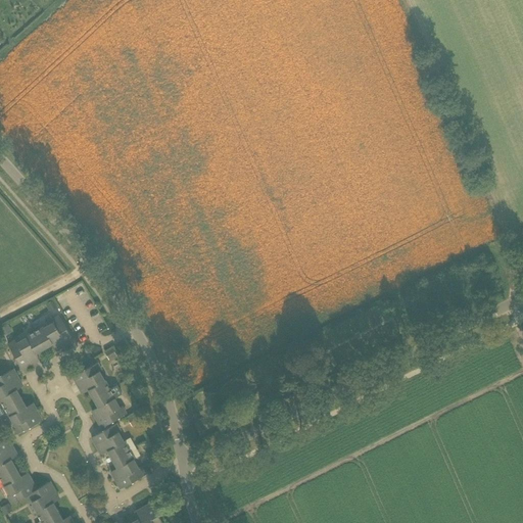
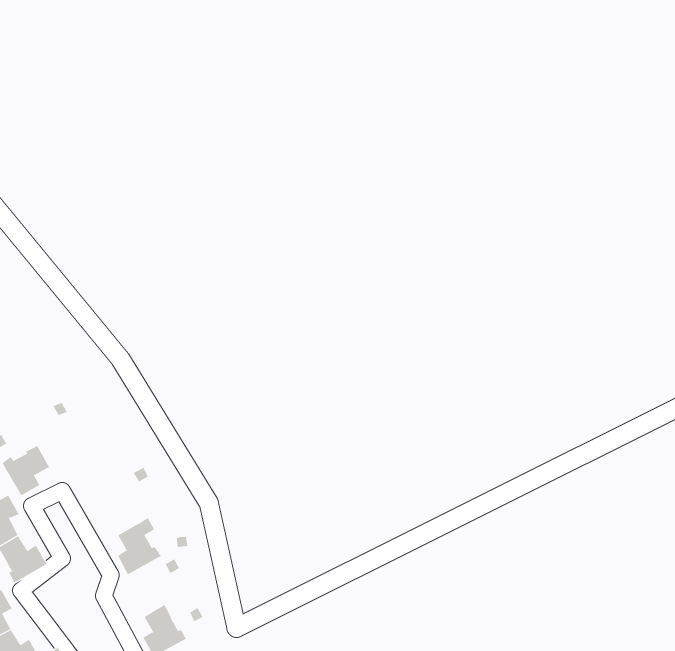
building: [34,316,73,348] -> none
building: [72,363,109,398] -> none
building: [91,423,128,459] -> none

